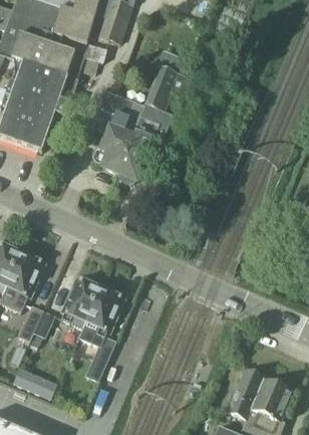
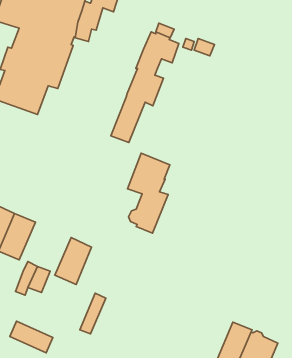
building: [91,89,135,173] -> [128,153,170,233]
building: [81,289,119,338] -> none

